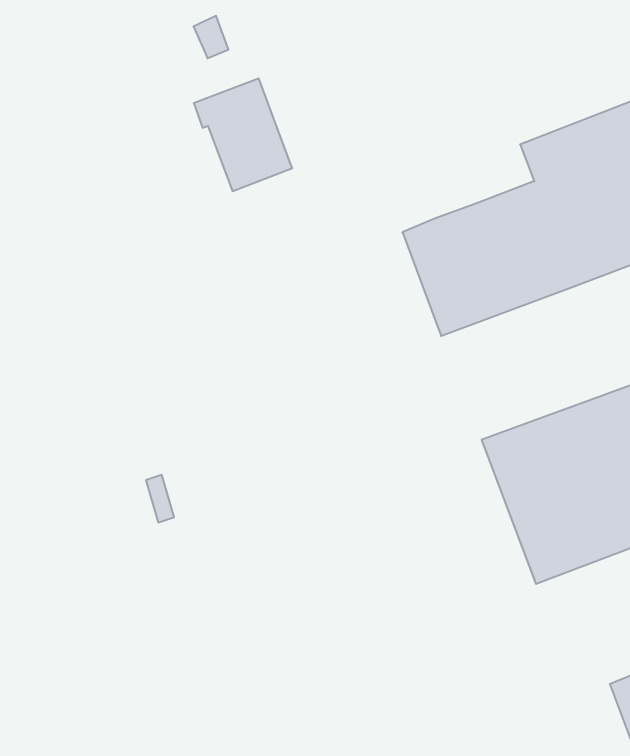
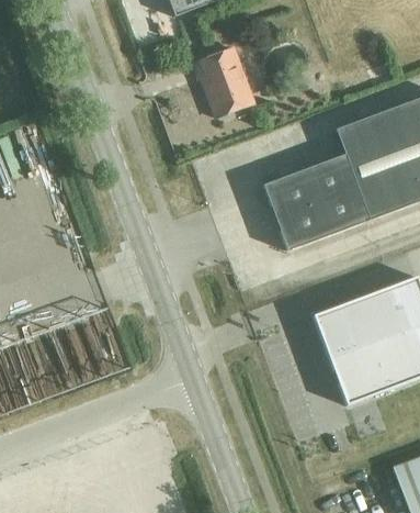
building: [194,78,292,191] -> [194,46,256,116]

